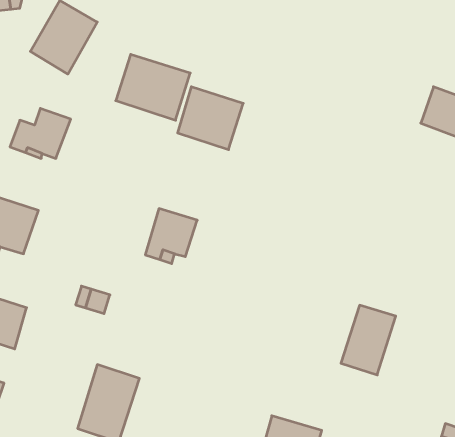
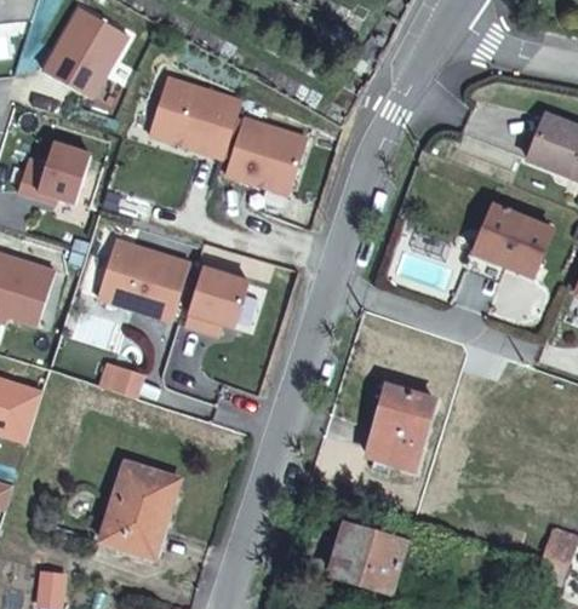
building: none -> [471,205,546,272]
building: none -> [98,239,190,318]
building: [341,305,396,375] -> [365,385,433,471]

